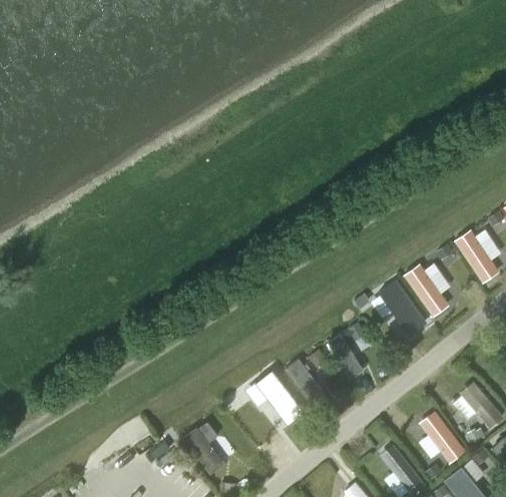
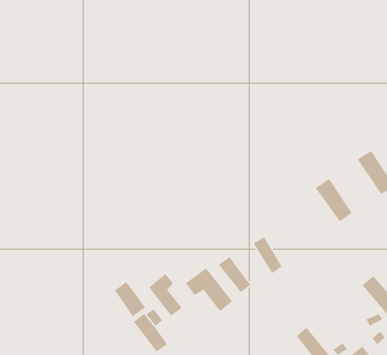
building: [379,280,427,337] -> none
building: none -> [149,273,182,316]
building: none -> [114,281,146,317]
building: [419,412,466,465] -> none

